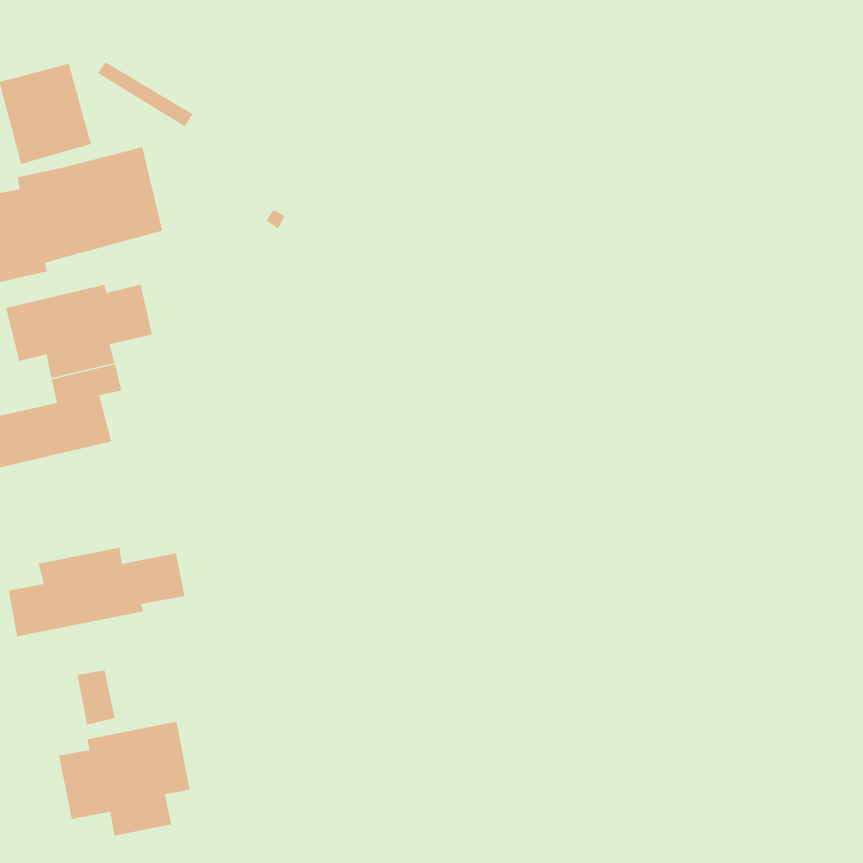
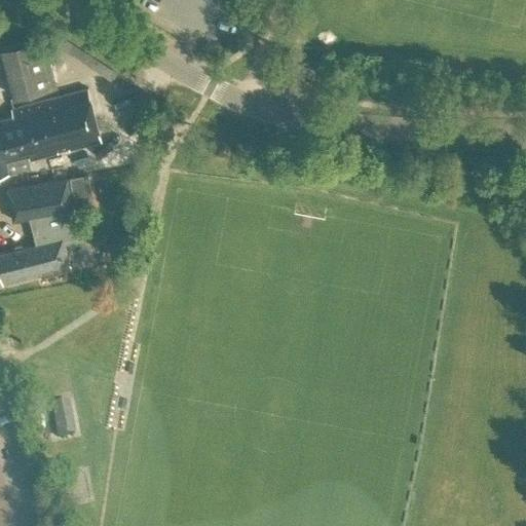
building: [8,547,186,637] -> none
building: [58,721,191,836] -> none

